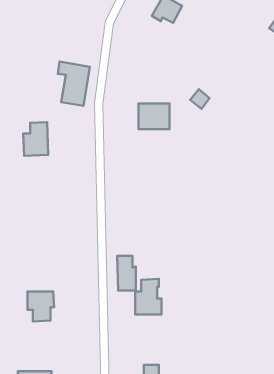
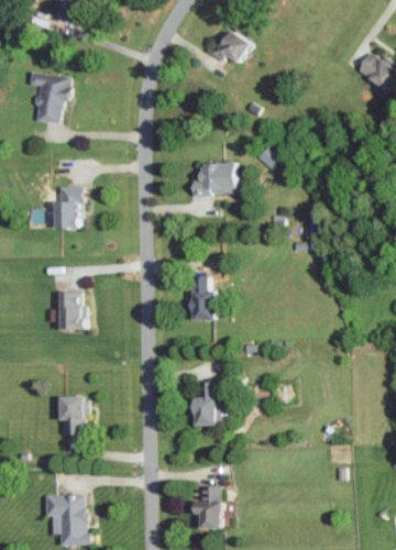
building: [58,61,90,106] -> [30,69,69,124]
building: none -> [57,290,87,329]
building: [117,256,136,290] -> [189,276,212,319]

